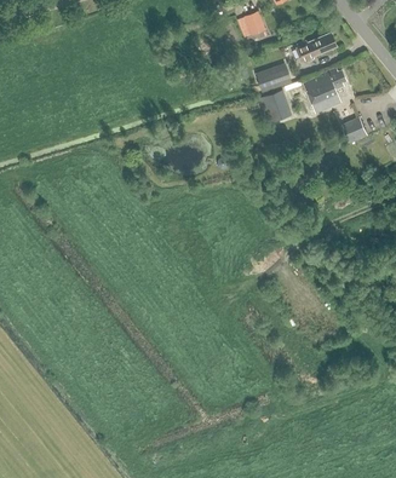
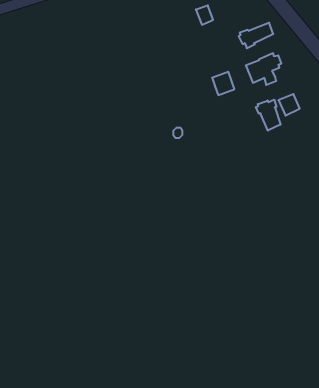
building: [256,64,289,92] -> none
building: none -> [256,100,281,131]

